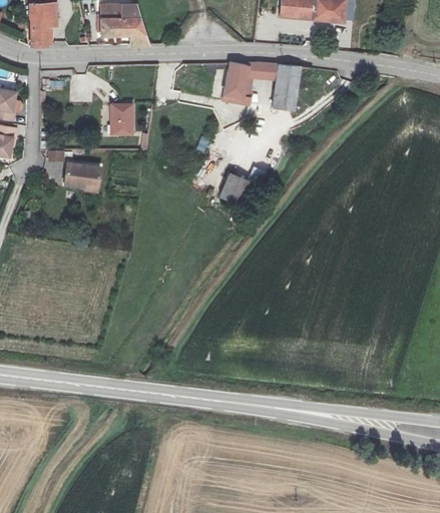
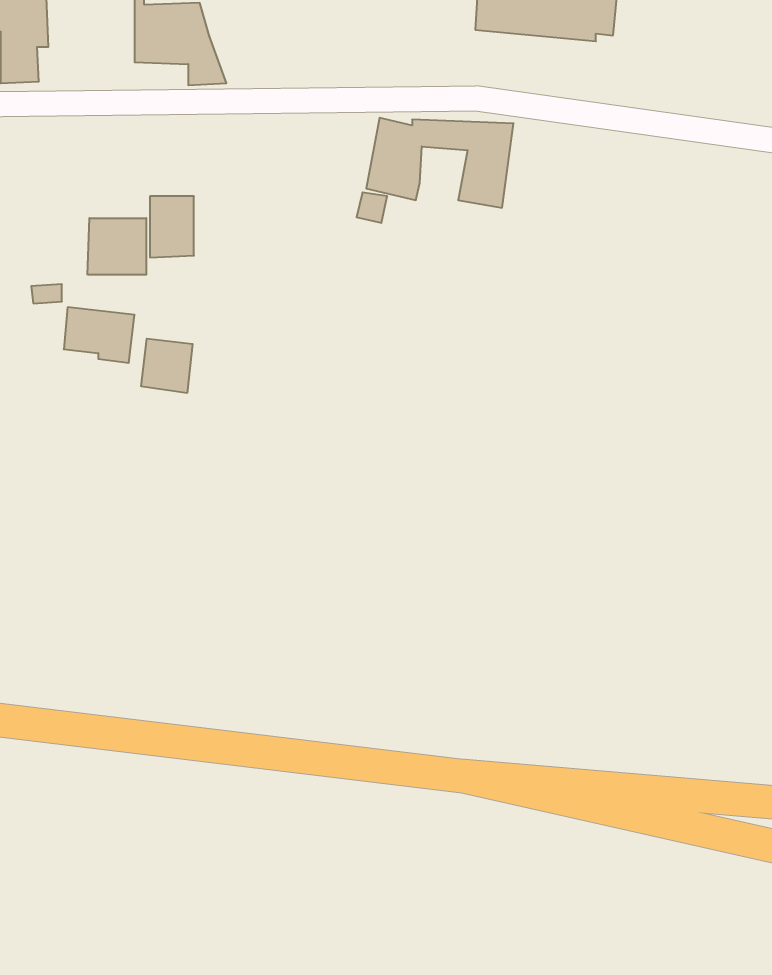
building: none -> [88,218,146,275]
building: [219,173,251,205] -> none
building: none -> [141,339,193,393]

